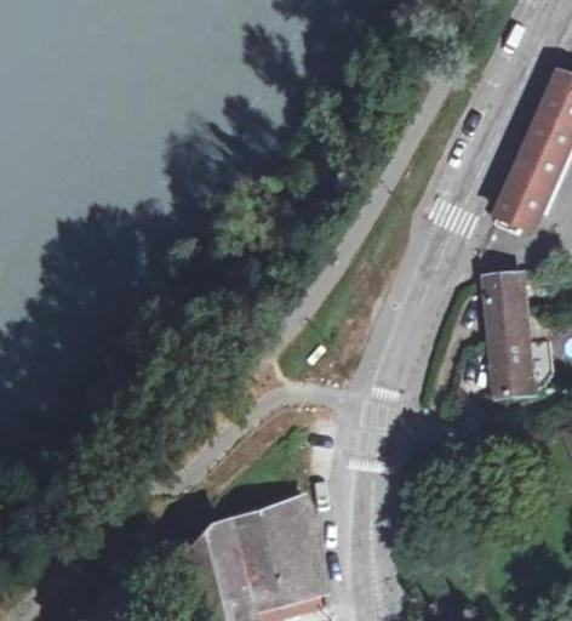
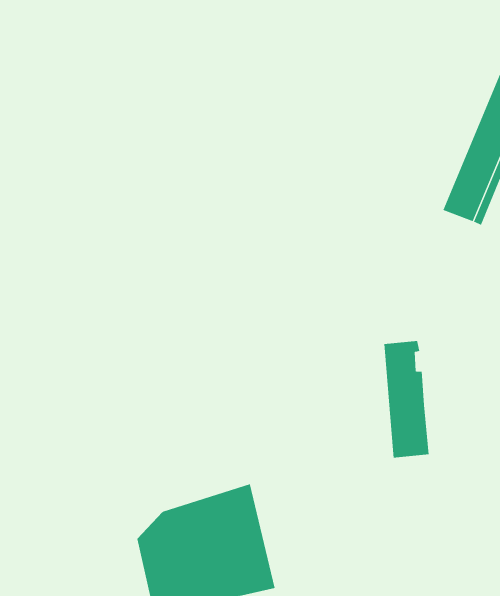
building: [488,273,536,394] -> [384,340,429,458]

